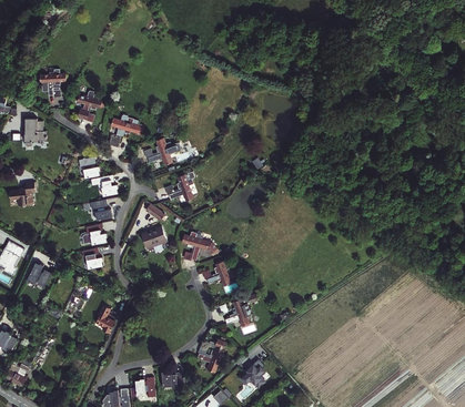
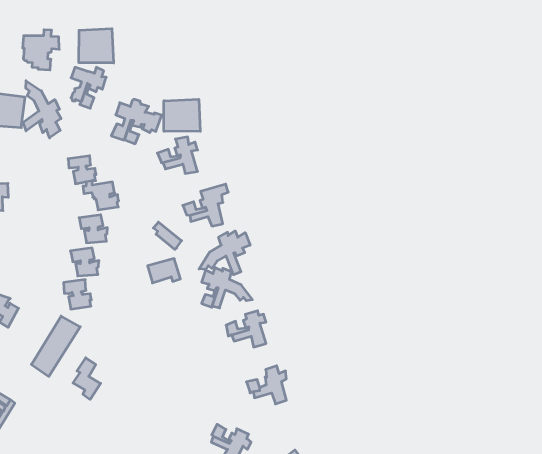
building: none -> [79,29,114,63]
building: none -> [23,81,61,138]
building: none -> [164,99,200,131]
building: none -> [199,231,250,275]

